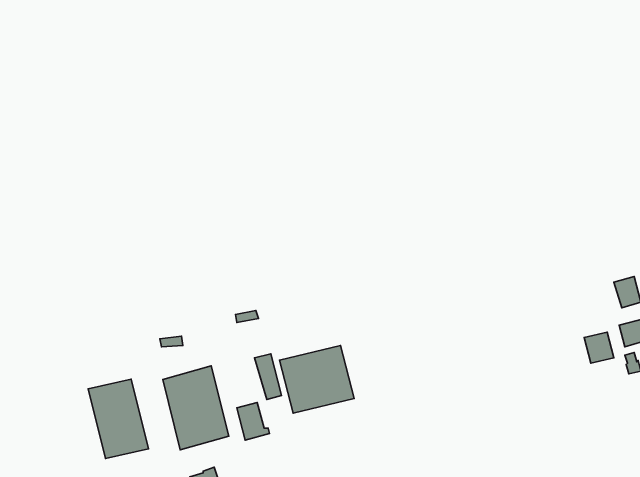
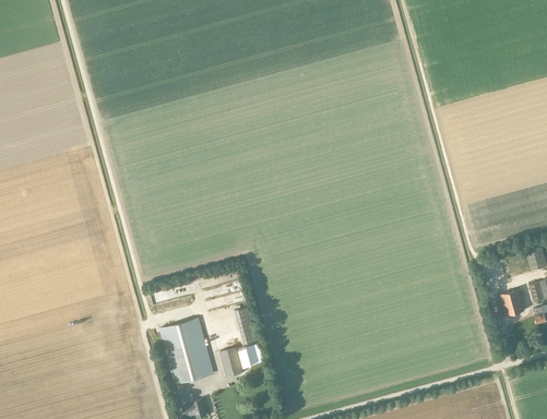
building: [280,345,354,413] -> none
building: [88,379,149,458] -> none

